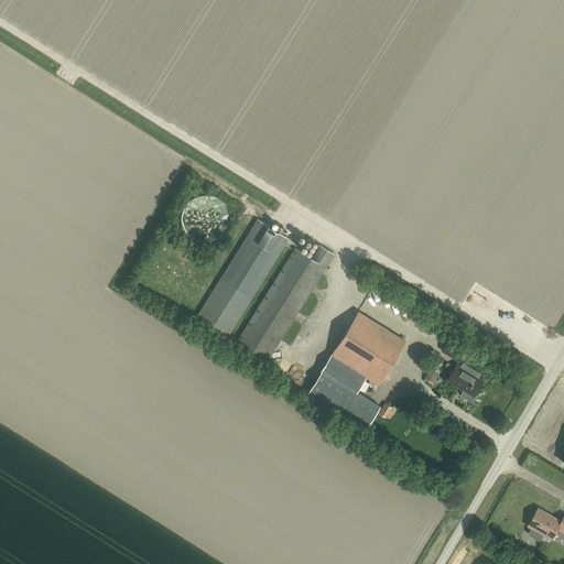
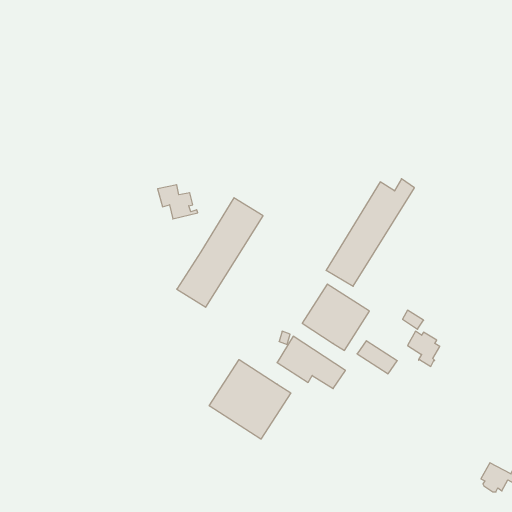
building: [237,243,334,361] -> [326,179,414,286]
building: [323,355,367,391] -> [357,341,397,374]
building: none -> [209,360,291,439]

